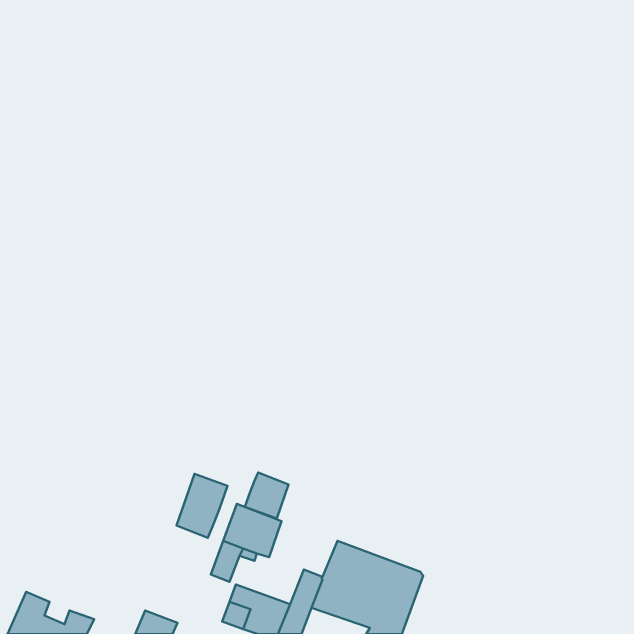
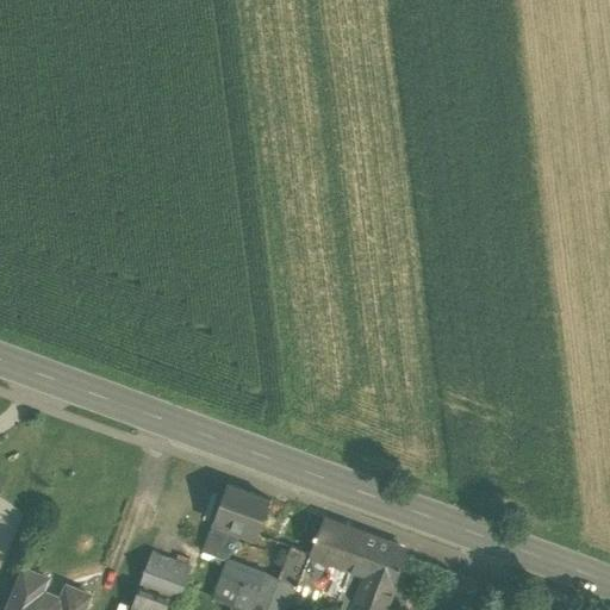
building: [245,473,289,519] -> none
building: [176,474,228,538] -> none
building: none -> [139,553,189,600]

